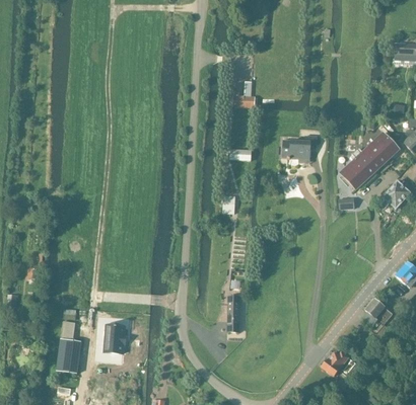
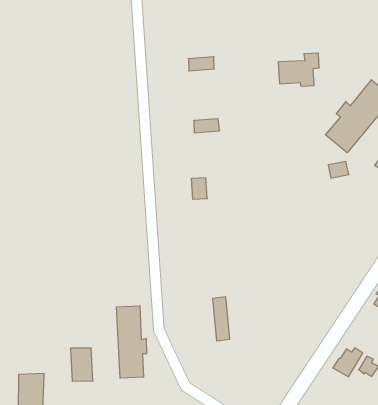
building: [281,136,317,163] -> [278,53,319,86]
building: none -> [116,306,147,378]

